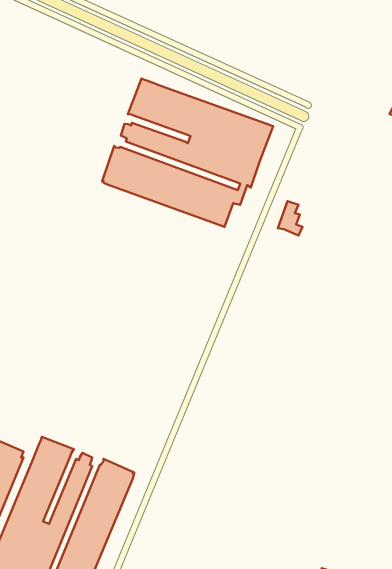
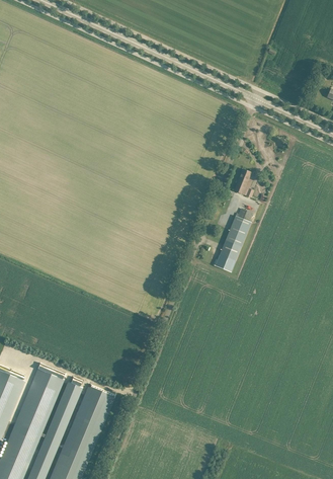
building: [102,78,273,227] -> none
building: none -> [220,209,252,261]

